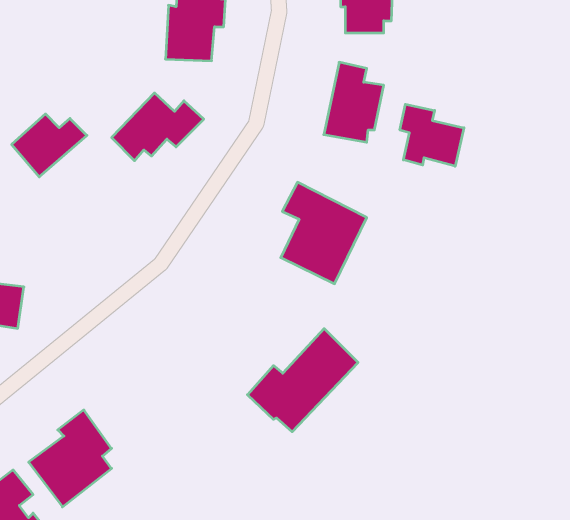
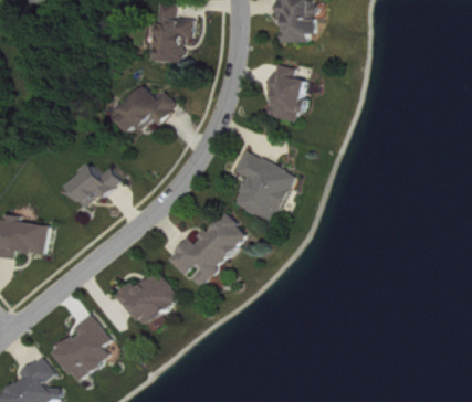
building: [400,104,464,166] -> none
building: [12,114,87,177] -> [65,163,119,209]
building: [247,329,358,432] -> [167,211,247,285]
building: none -> [115,269,177,326]

